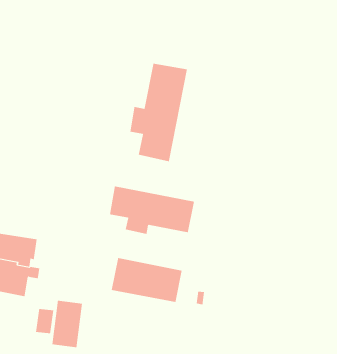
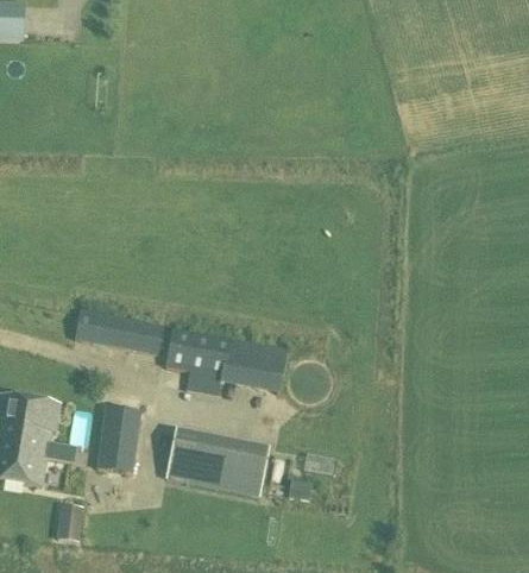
building: [130,63,187,162] -> none
building: none -> [74,308,162,354]
building: [51,300,83,348] -> [95,404,140,473]

